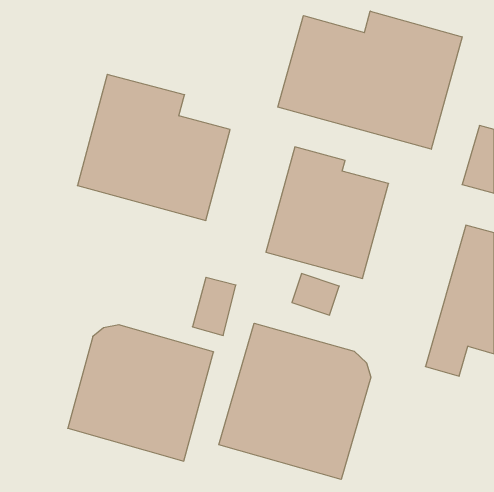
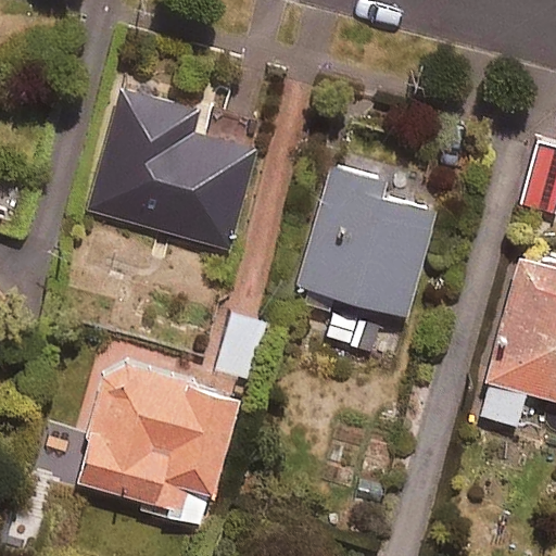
building: [278,11,462,149] -> none
building: [219,323,371,479] -> none

